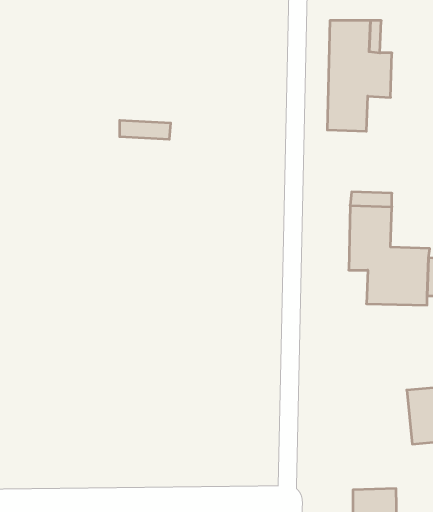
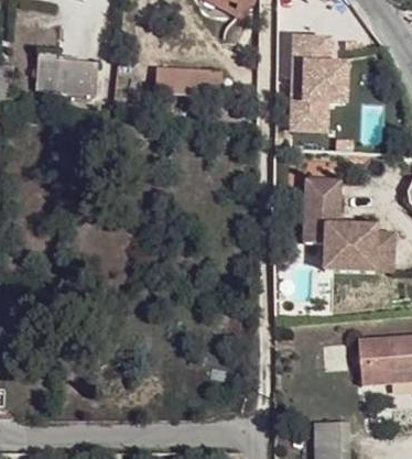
building: none -> [35,52,97,92]
building: none -> [154,67,224,96]

